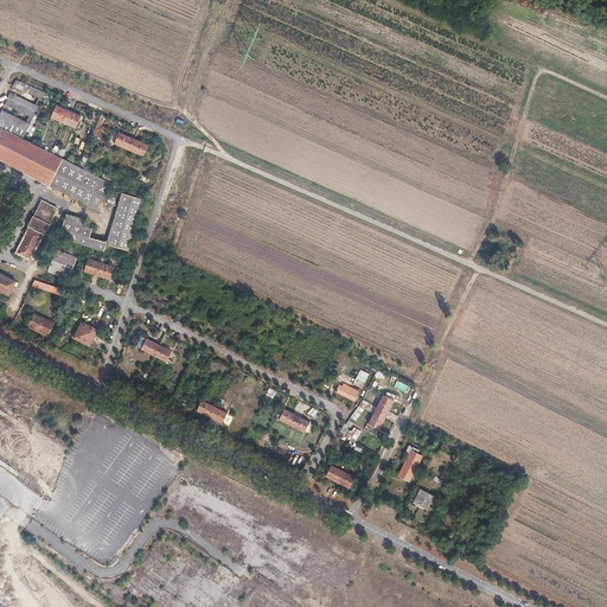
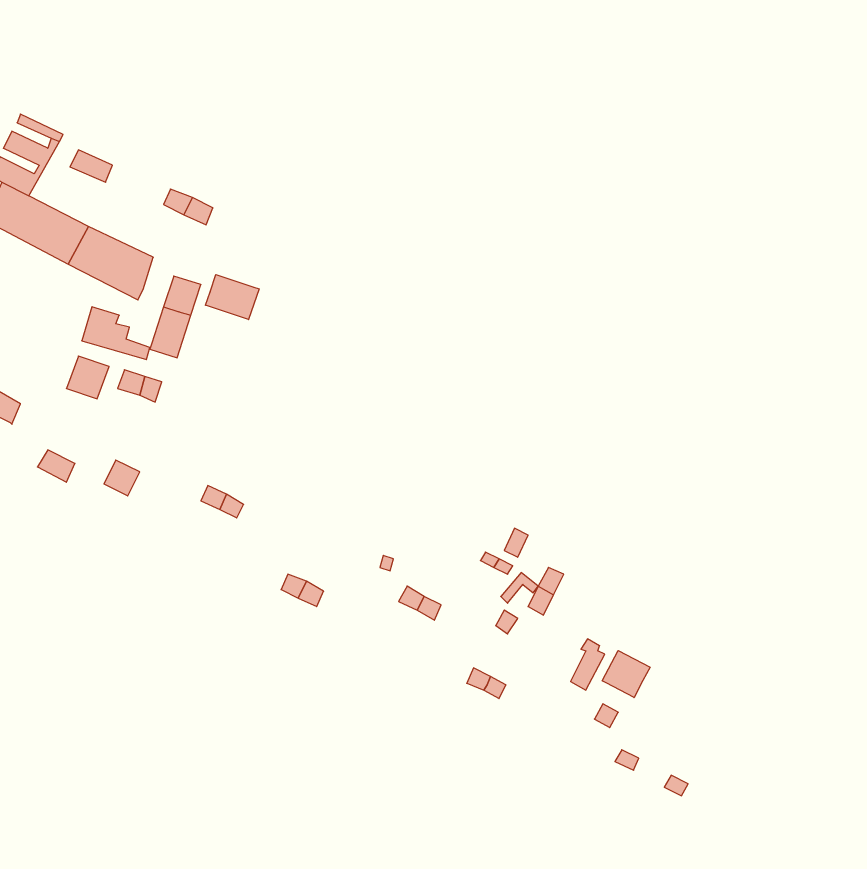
building: none -> [205,275,259,320]
building: [13,199,57,261] -> none
building: none -> [602,651,650,698]

